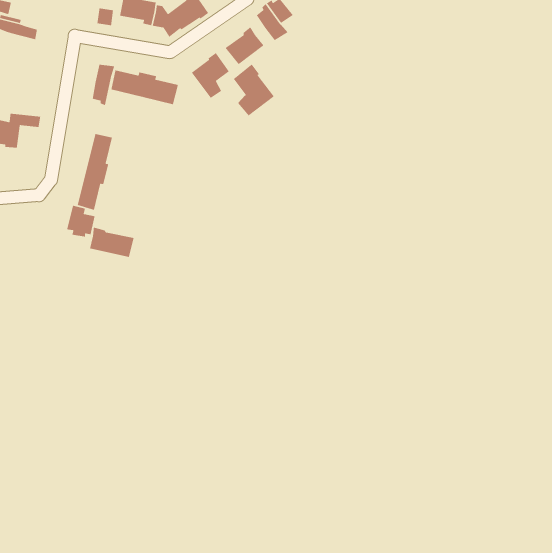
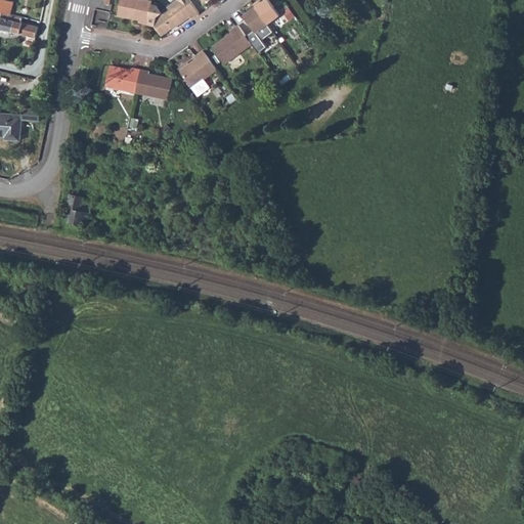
building: [233,64,275,116] -> none
building: [92,64,115,106] -> none
building: [77,133,113,211] -> none
building: [89,227,135,258] -> none

